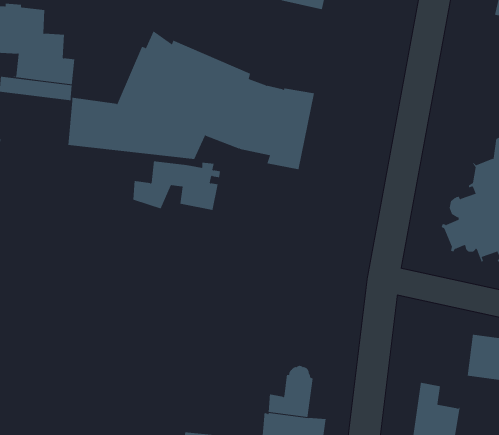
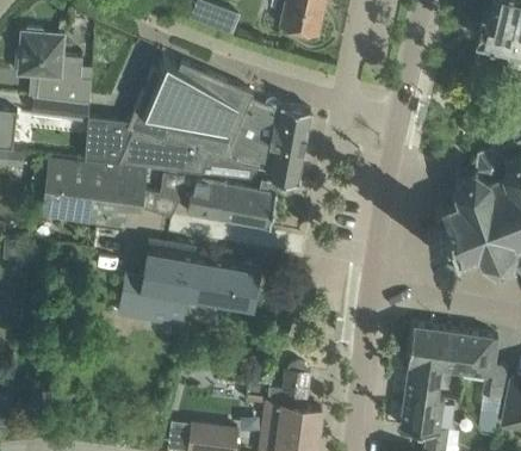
building: none -> [41,162,144,228]
building: none -> [215,178,278,230]
building: none -> [118,243,259,328]
building: none -> [407,328,454,401]

